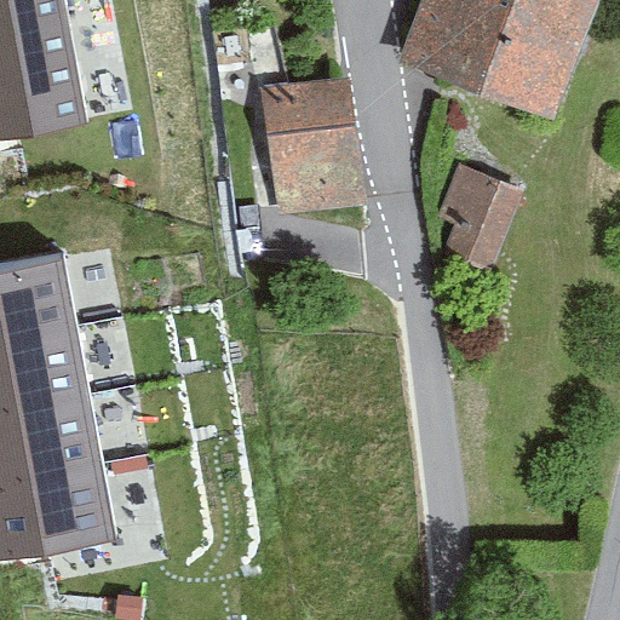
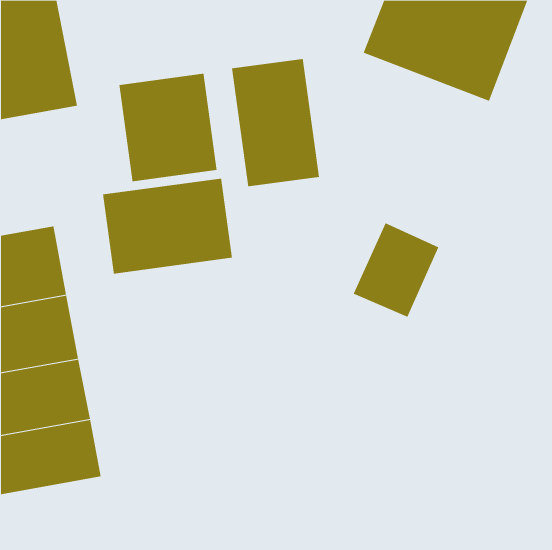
building: none -> [119,73,217,182]
building: [427,157,524,264] -> [353,222,439,317]
building: none -> [102,178,233,275]

